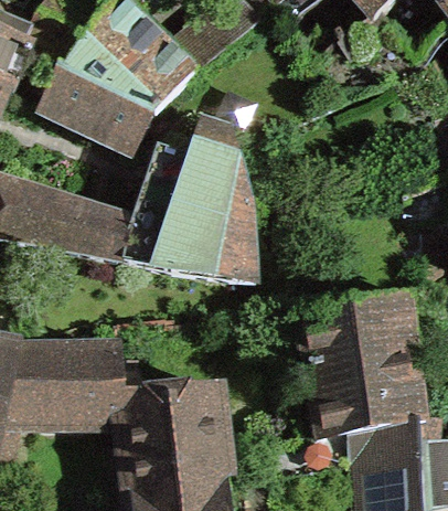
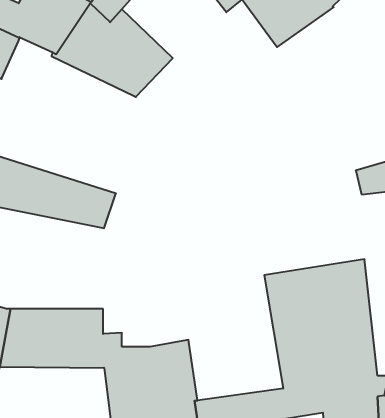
building: [46,70,158,153] -> none
building: [125,123,259,283] -> none

